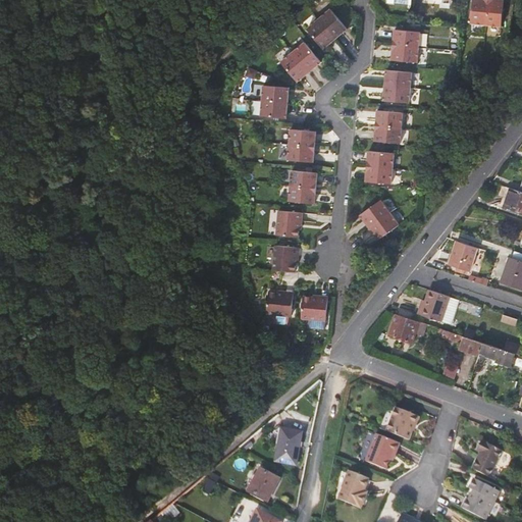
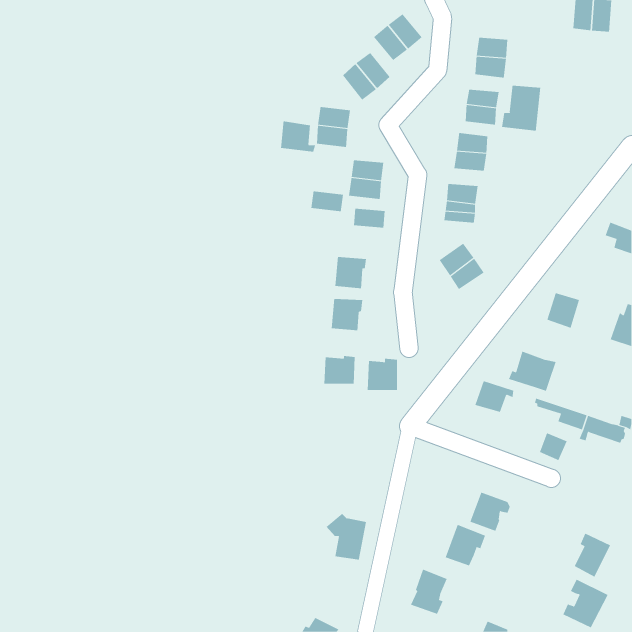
building: none -> [502,85,541,132]
building: none -> [281,121,316,153]
building: [289,187,316,204] -> [310,191,344,212]
building: [249,465,278,497] -> none

